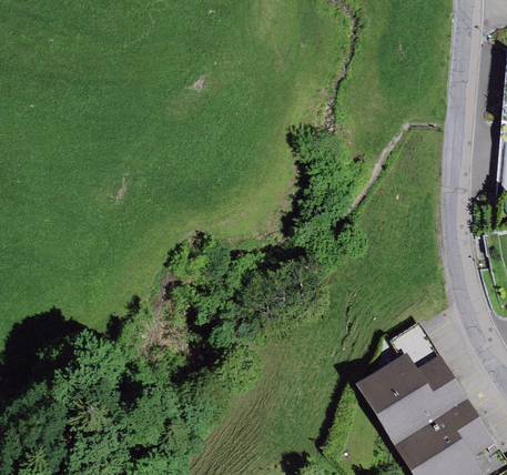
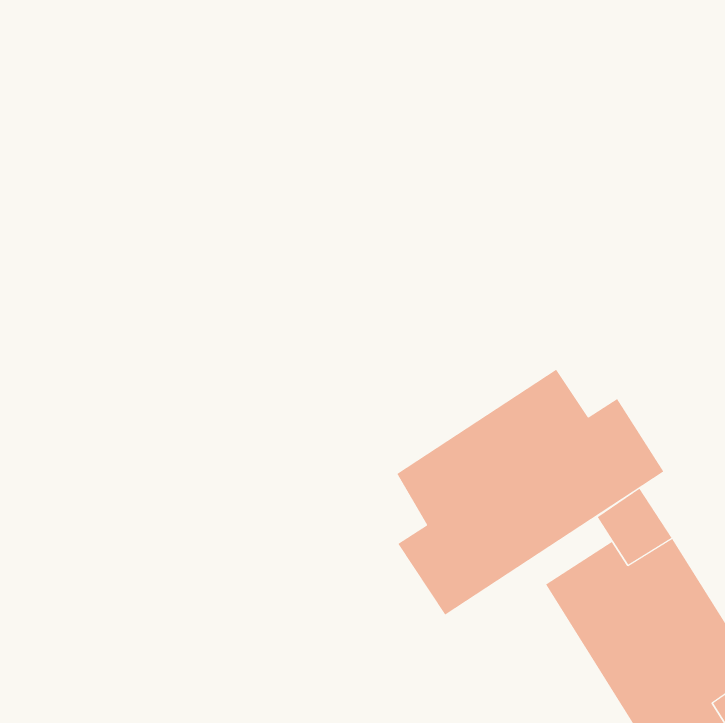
building: none -> [396,369,664,615]

